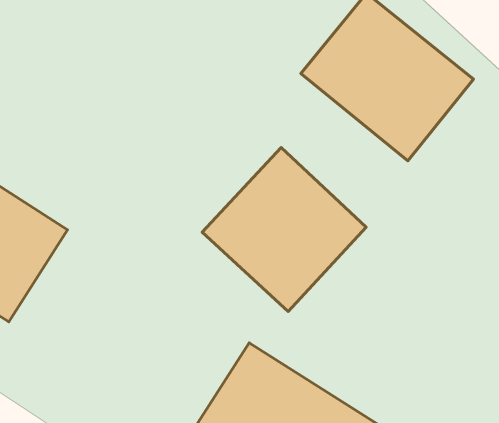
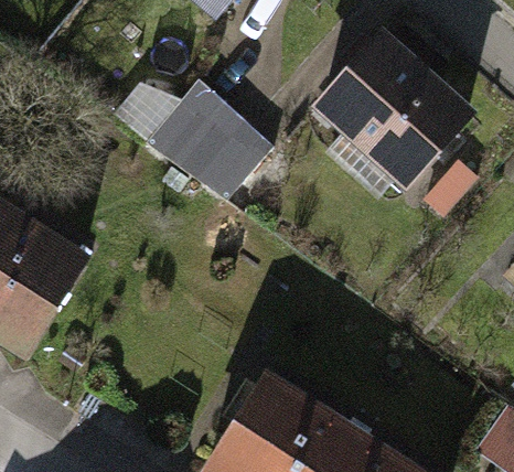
building: none -> [151,79,278,204]
building: [202,147,366,311] -> none

